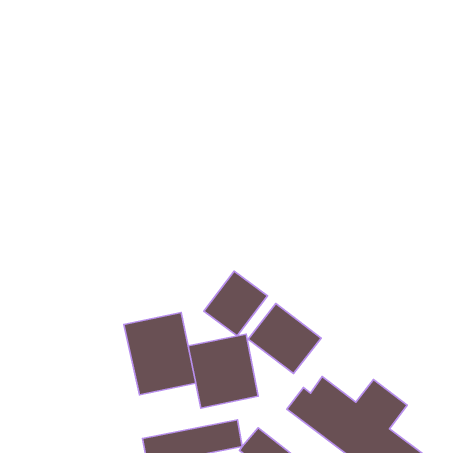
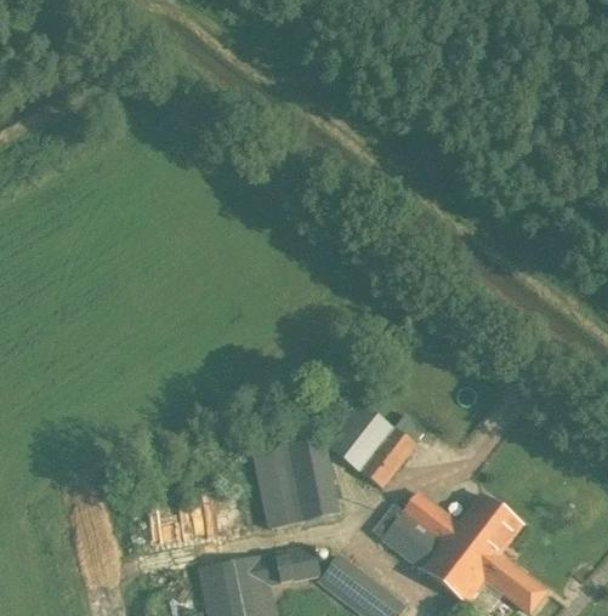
building: [204,271,268,336] -> none
building: [124,312,196,395] -> none

